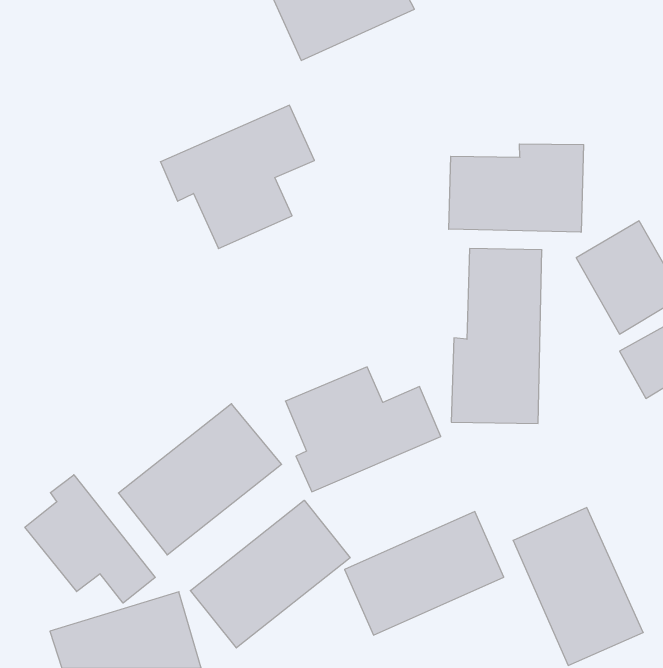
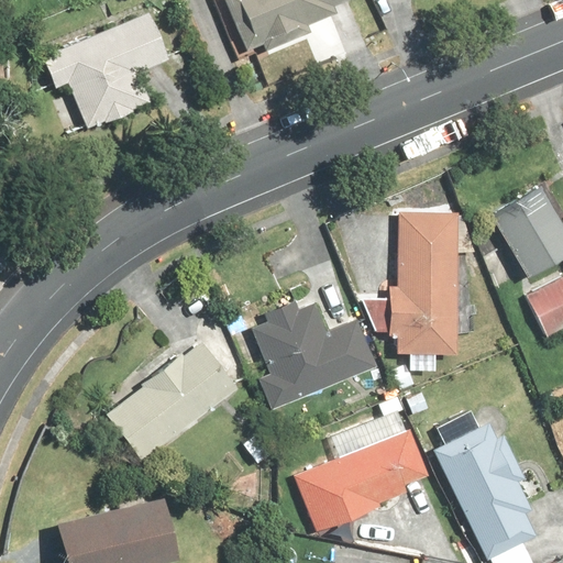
building: [160,105,314,249] -> [42,11,170,131]
building: [449,144,584,232] -> none
building: [25,475,155,603] -> none
building: [190,500,350,648] -> none

